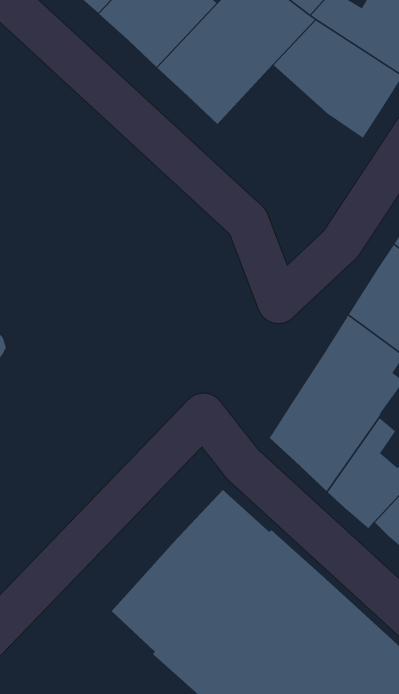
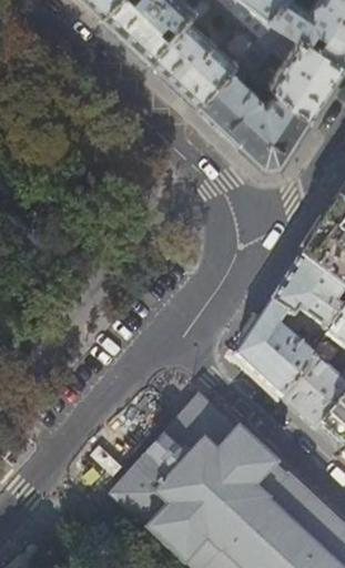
building: none -> [197,57,314,168]

